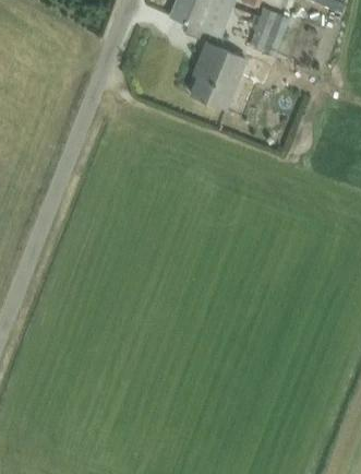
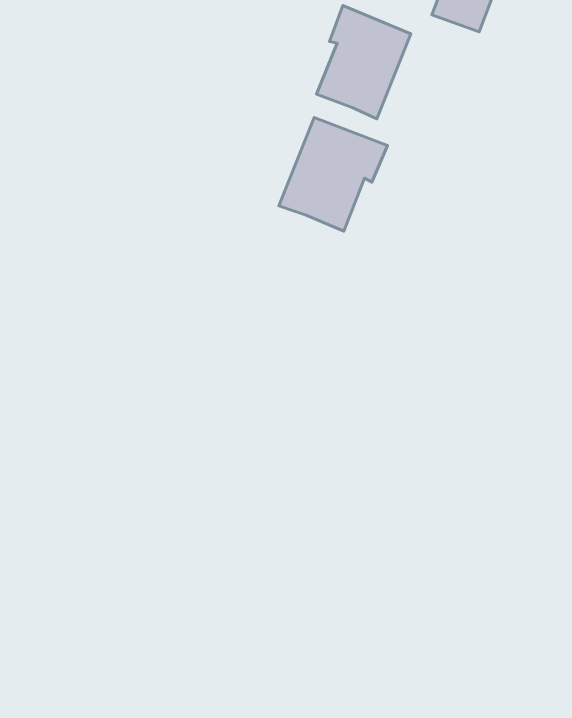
building: none -> [279,117,388,231]

